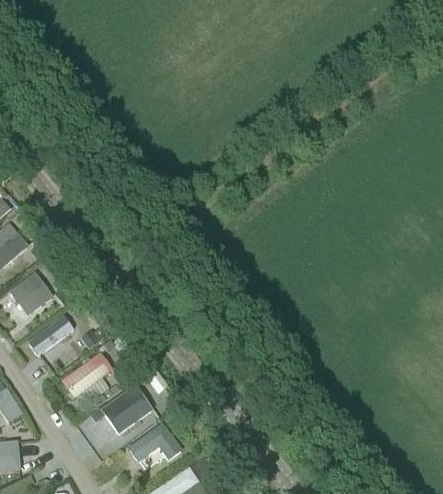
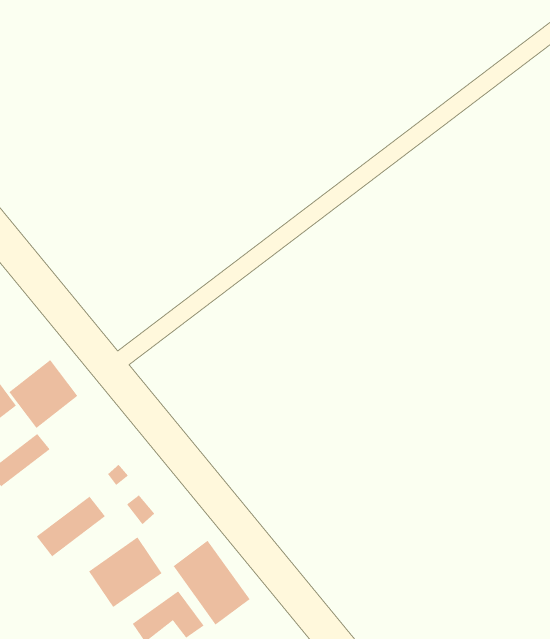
building: none -> [8,359,78,429]
building: none -> [173,540,250,626]

